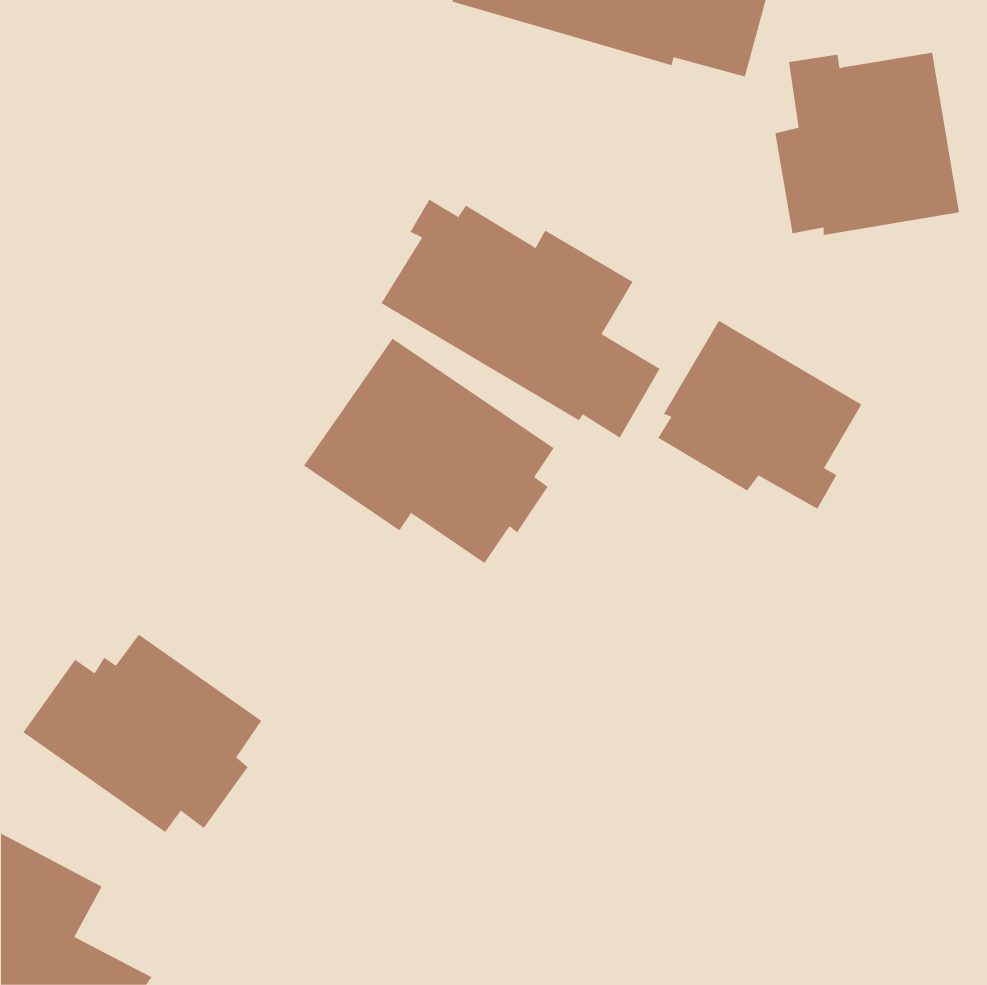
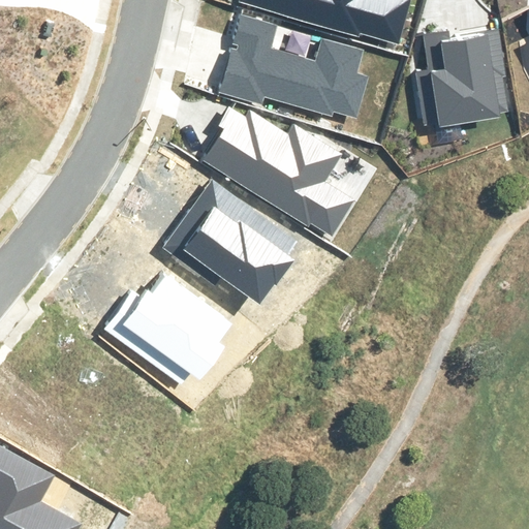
building: none -> [220,12,366,117]
building: [657,320,862,510] -> none
building: [23,634,262,833] -> [104,275,232,381]

